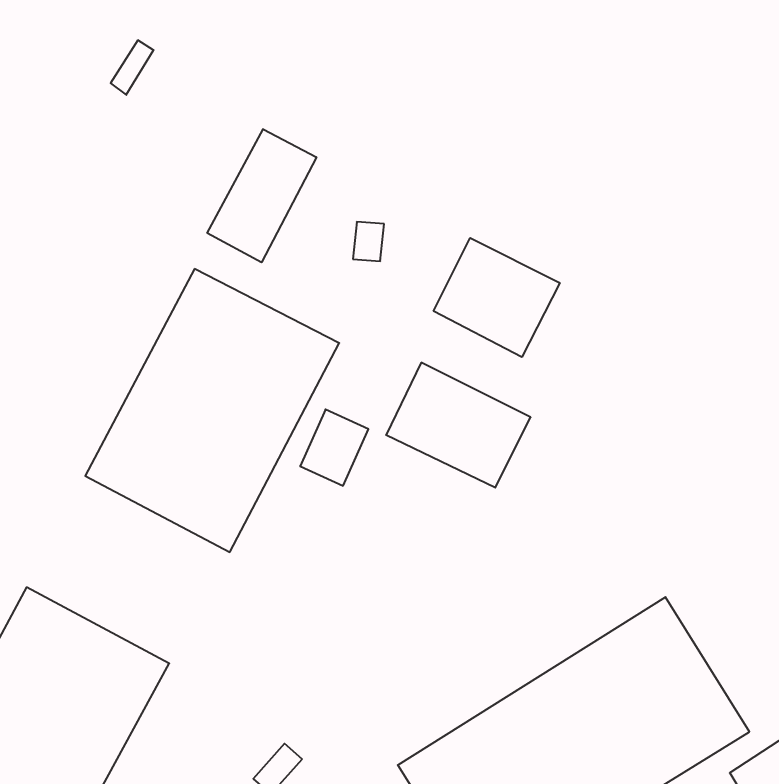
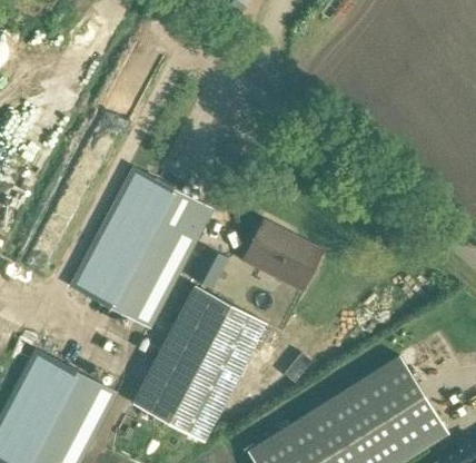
building: [207,129,316,262] -> none
building: [434,238,560,357] -> none
building: none -> [130,286,264,442]

